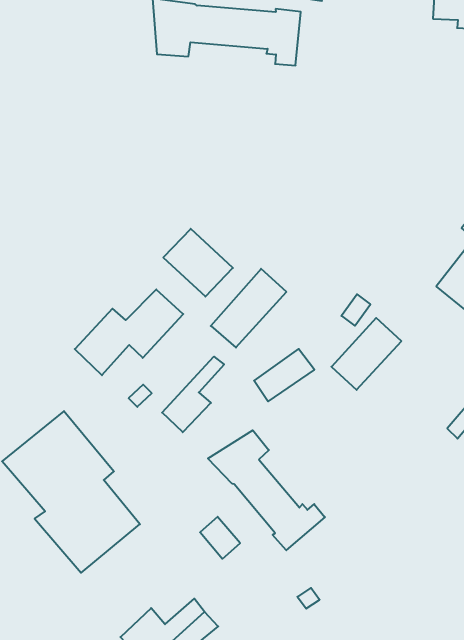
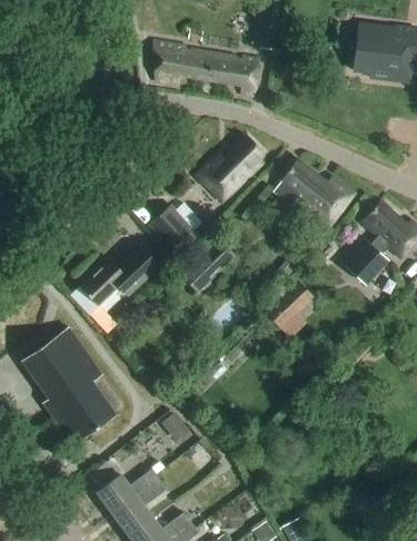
building: none -> [196,136,264,201]
building: none -> [271,157,353,225]
building: [162,357,224,432] -> none
building: [208,430,325,550] -> none

